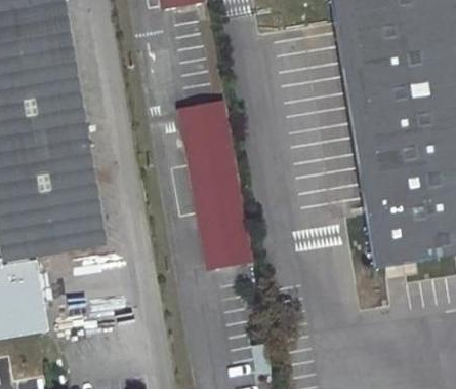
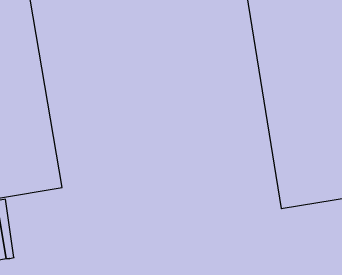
building: [181,103,248,265] -> none

